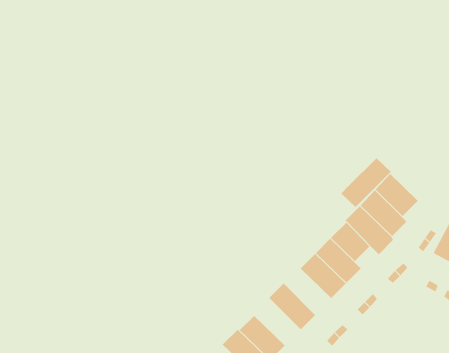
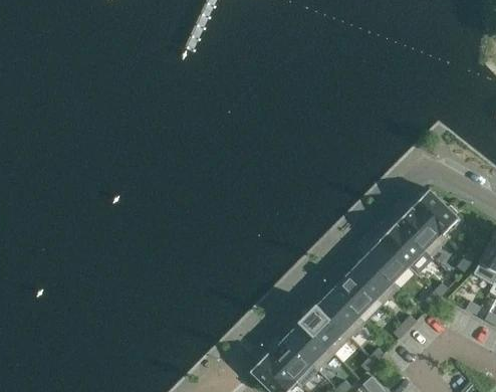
building: [341,157,391,208] -> none
building: none -> [317,287,366,337]
building: none -> [285,321,334,369]

